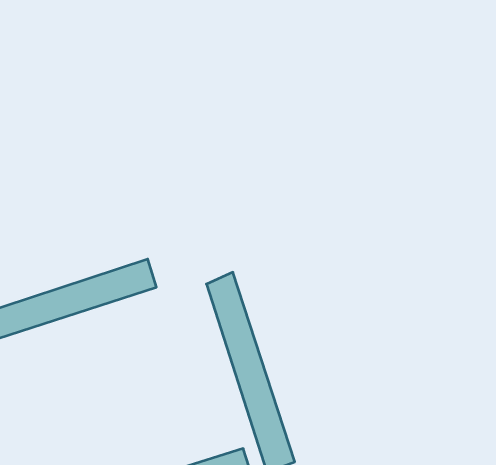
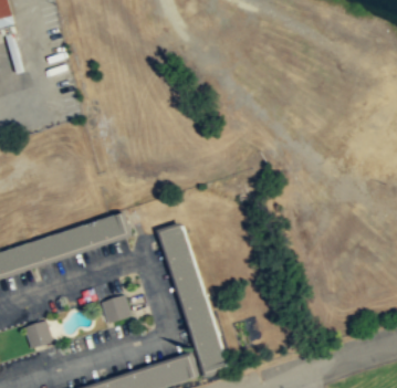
building: none -> [98,294,129,324]
building: none -> [21,319,51,348]

